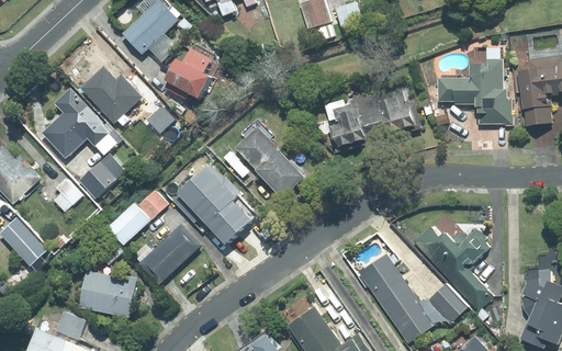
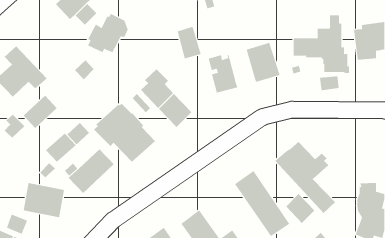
building: [80,67,140,126] -> none
building: [352,93,385,137] -> [177,26,202,59]
building: [524,105,551,125] -> [319,76,340,91]

